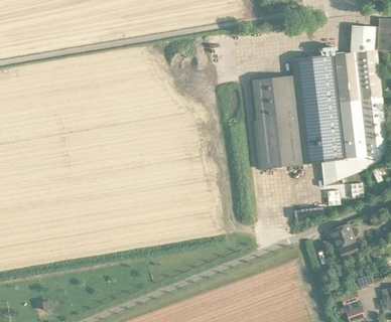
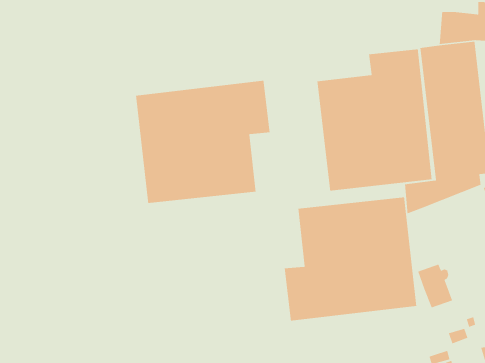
building: none -> [135,80,271,204]
building: none -> [284,196,417,322]

